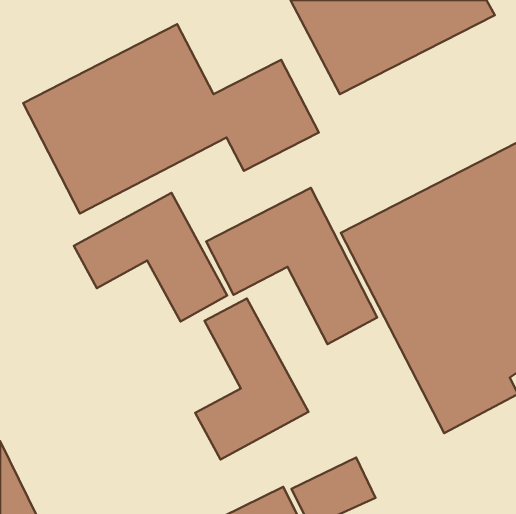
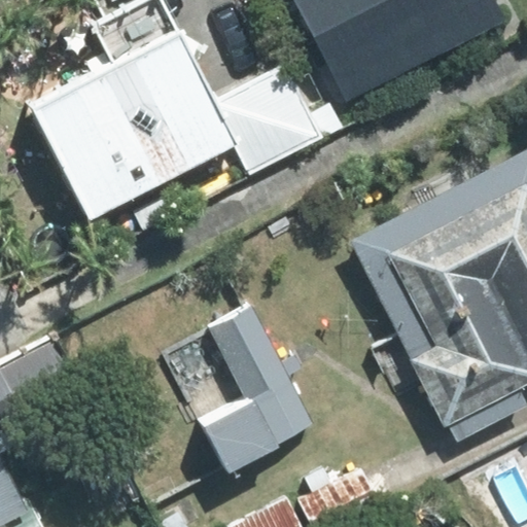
building: [206,188,377,344] -> none
building: [74,193,227,322] -> none

